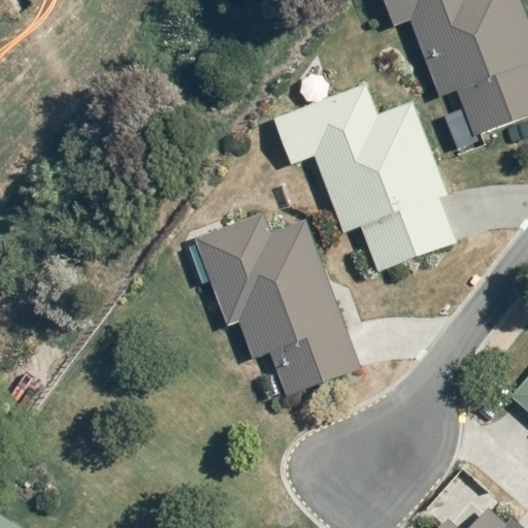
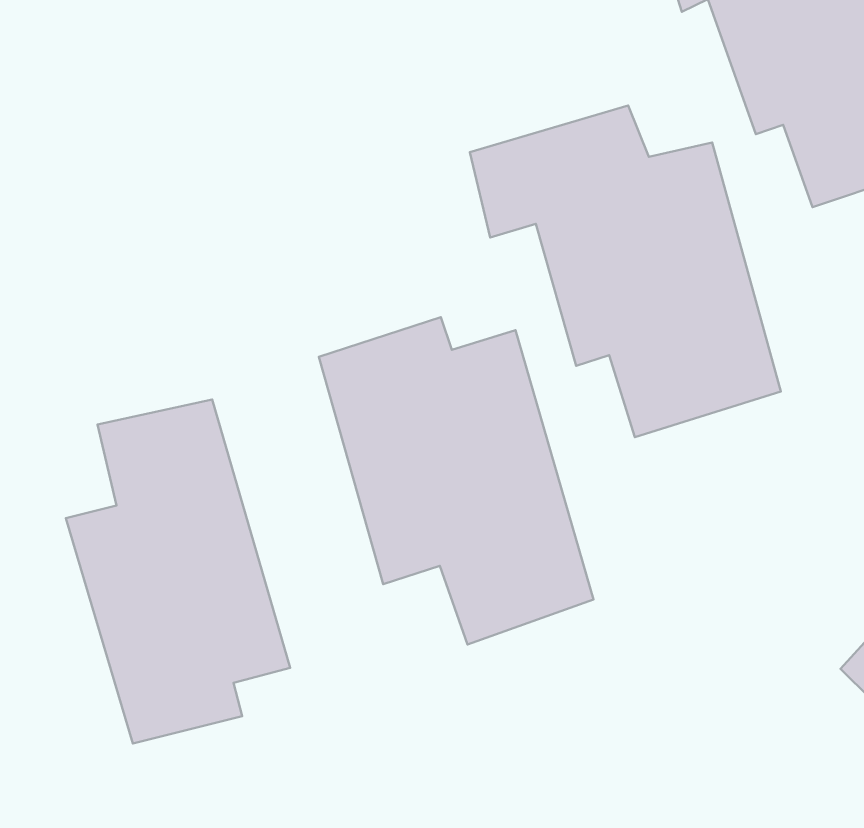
building: none -> [66,400,290,744]

